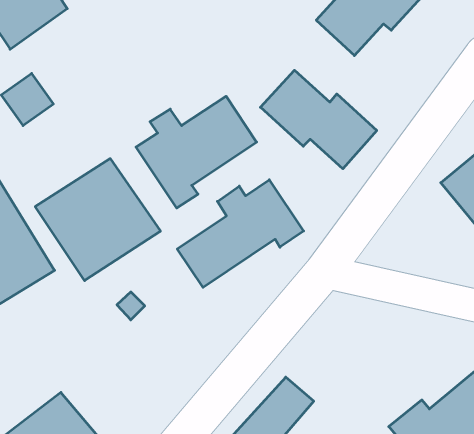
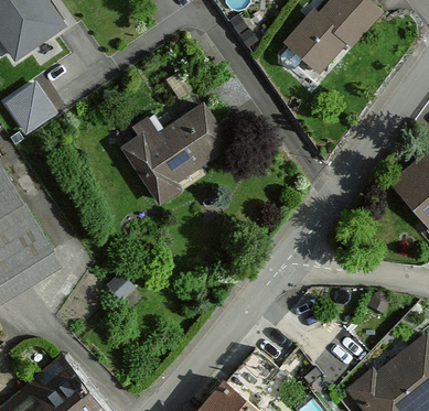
building: [260,70,377,169] -> none
building: [35,159,160,281] -> none
building: [177,180,304,287] -> none

